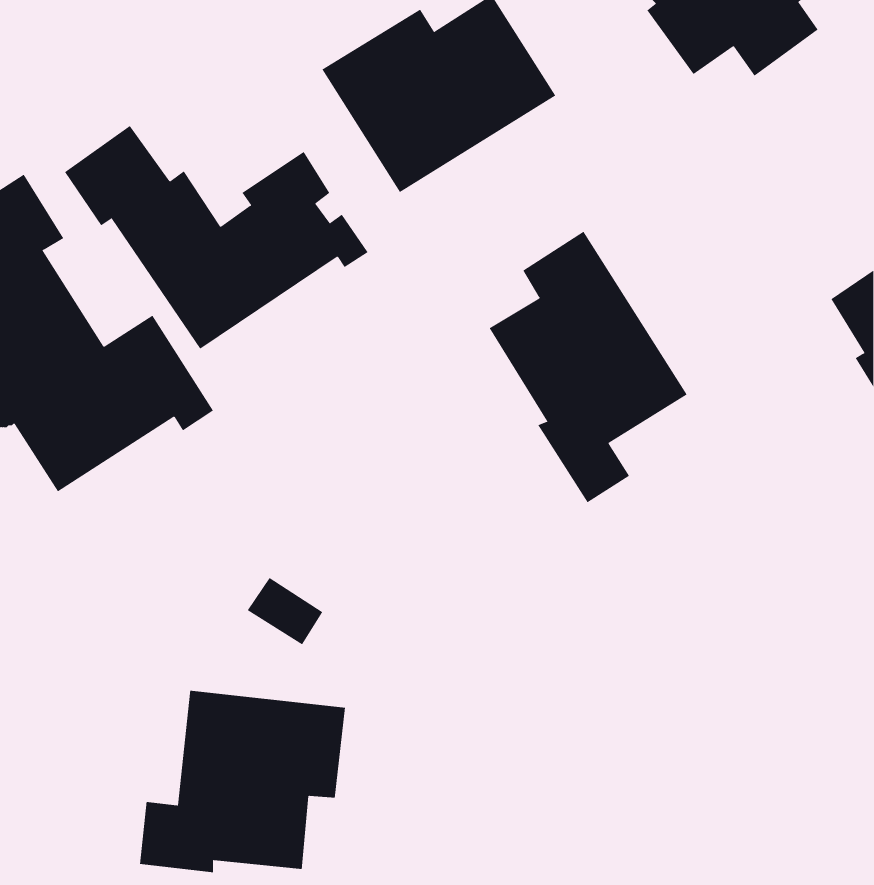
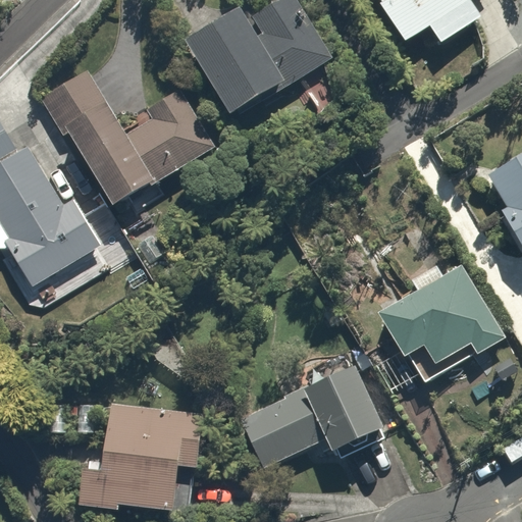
building: [489,231,687,503] -> none
building: none -> [379,265,501,368]
building: none -> [241,361,387,466]

